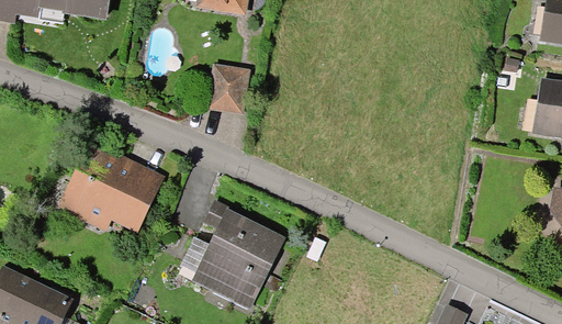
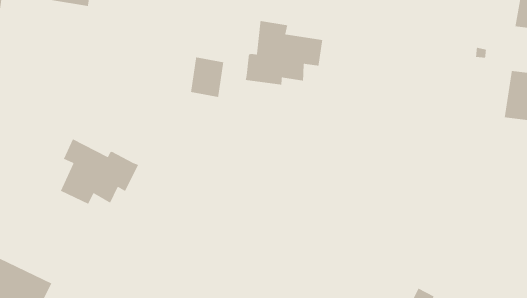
building: none -> [245,20,323,85]
building: [198,204,277,309] -> none

